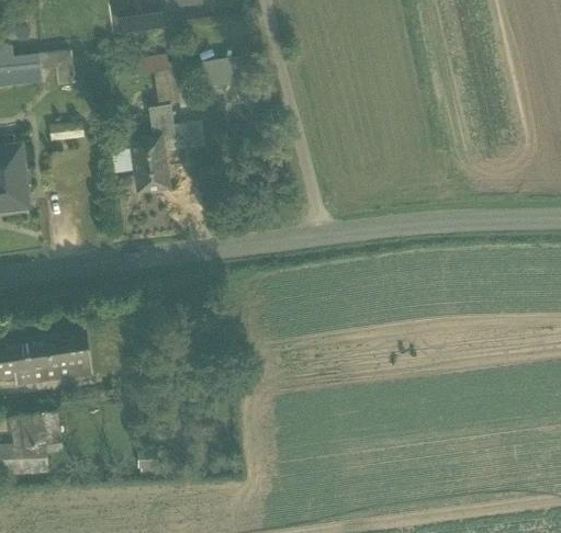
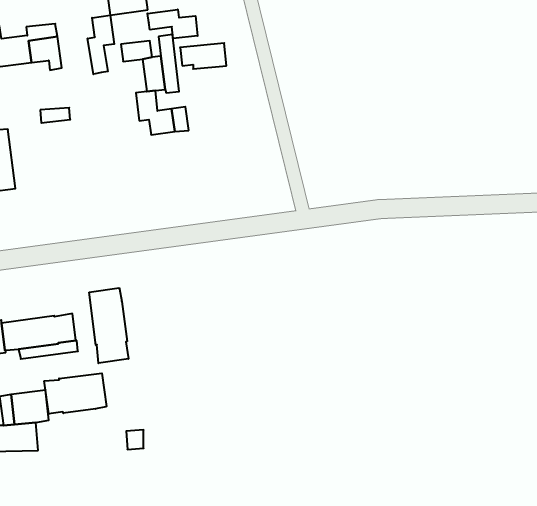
building: none -> [147,9,198,39]
building: none -> [88,15,114,74]
building: [127,138,166,194] -> none
building: none -> [89,288,128,363]
building: none -> [44,373,107,414]

